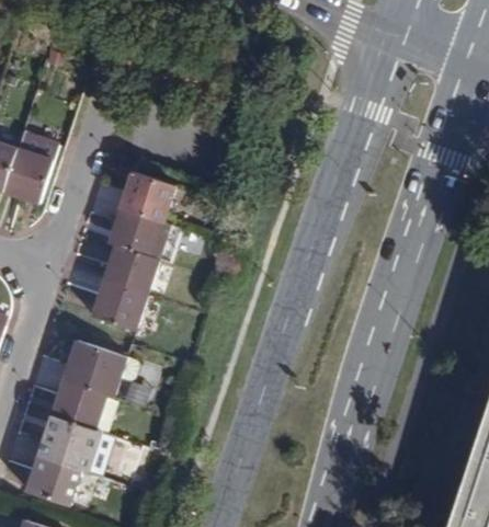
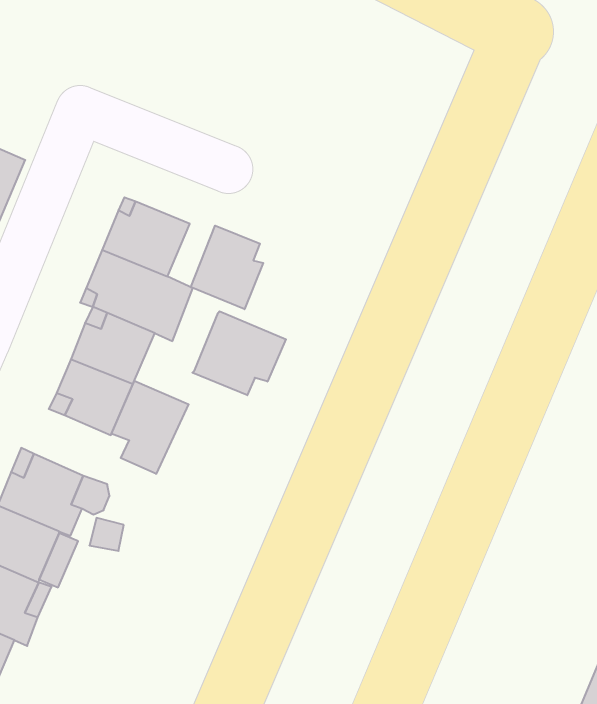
building: none -> [191,226,263,309]
building: none -> [192,311,286,395]
building: none -> [112,381,189,474]

